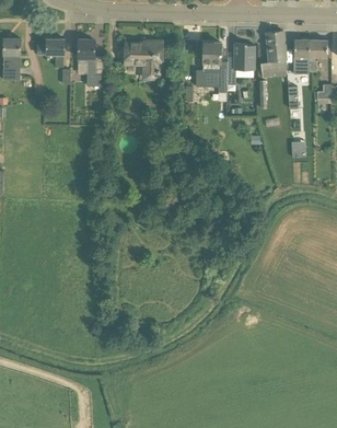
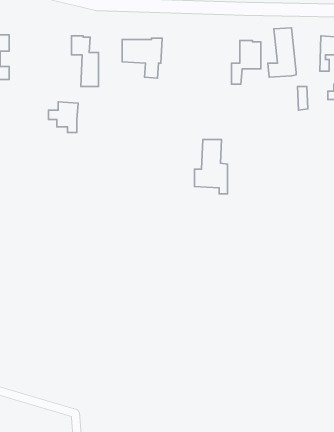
building: [37,37,65,66] -> [49,102,78,133]
building: [293,38,310,73] -> none
building: [196,42,226,92] -> [194,140,227,194]

